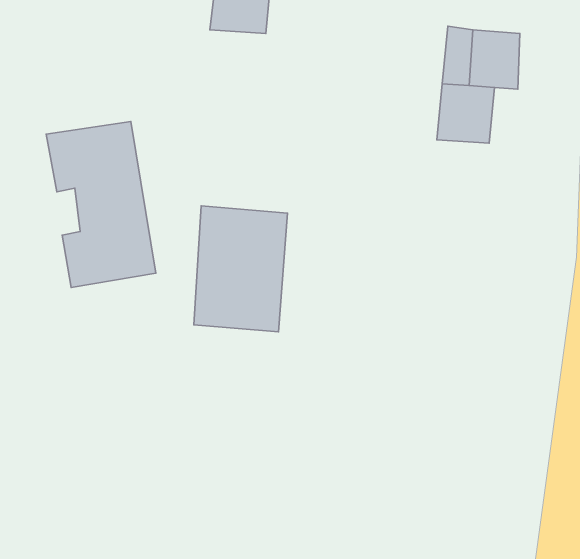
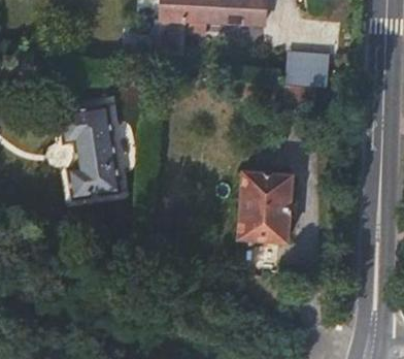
building: [194,206,288,332] -> [239,171,293,243]

